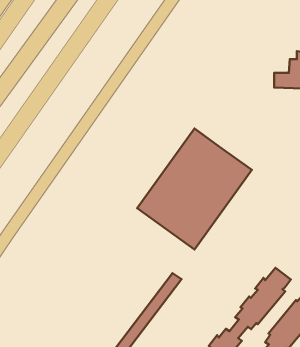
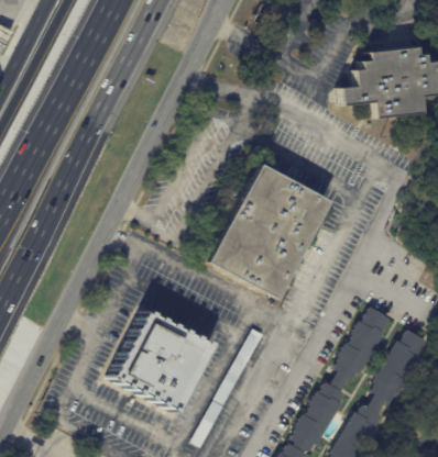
building: none -> [111,311,215,414]

